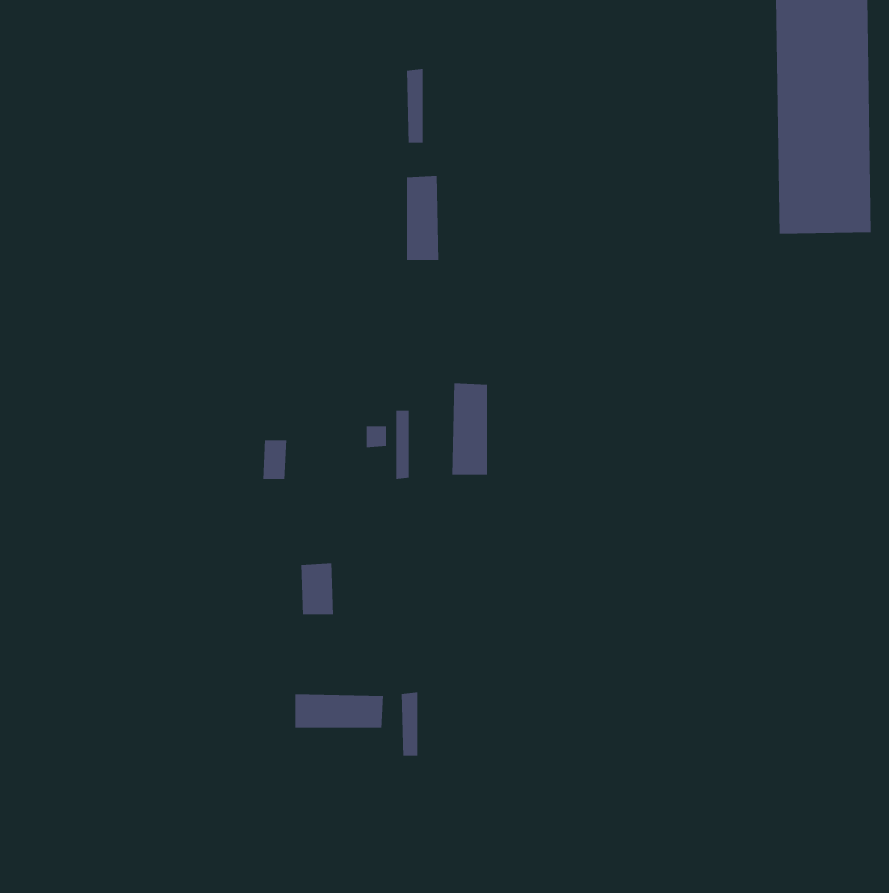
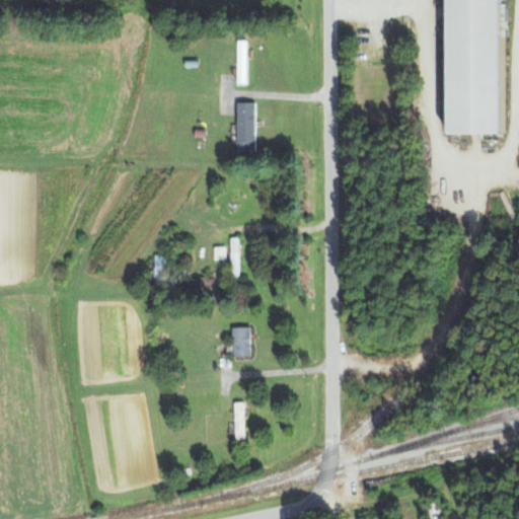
building: [452,382,488,476] -> none
building: [301,563,334,615] -> [230,324,249,355]
building: [295,694,384,728] -> none

